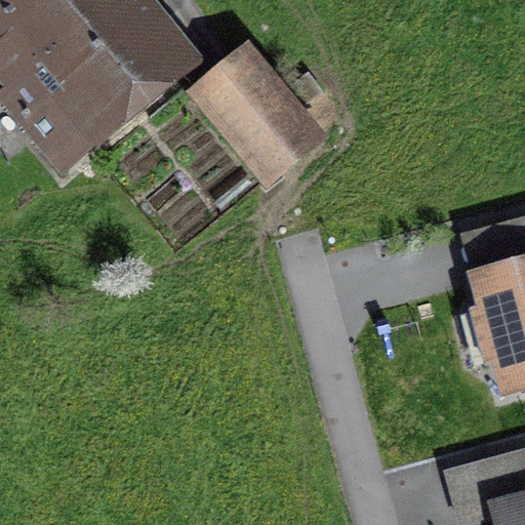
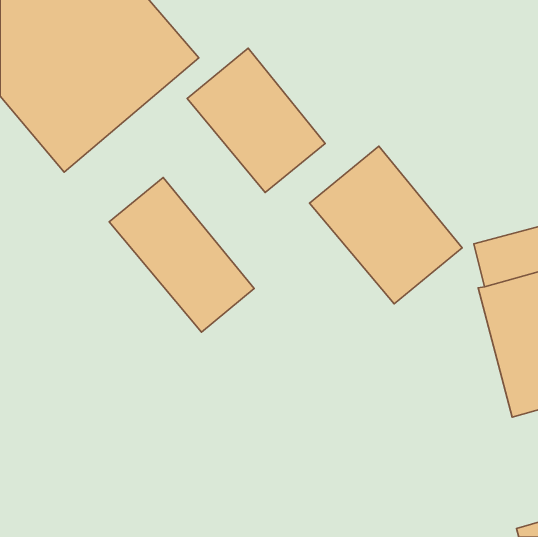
building: none -> [310,146,462,304]
building: none -> [109,177,254,332]

